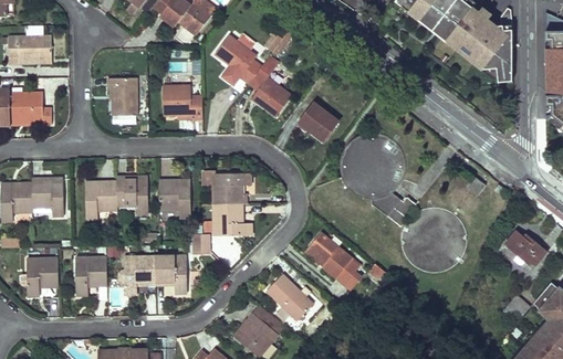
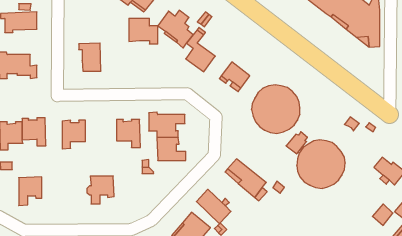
building: [163,85,201,119] -> [129,18,158,44]
building: [116,177,147,214] -> none
building: [154,255,186,293] -> none
building: [75,257,106,295] -> none

